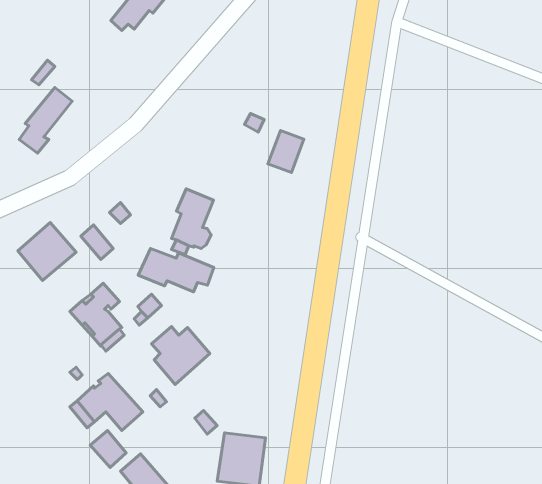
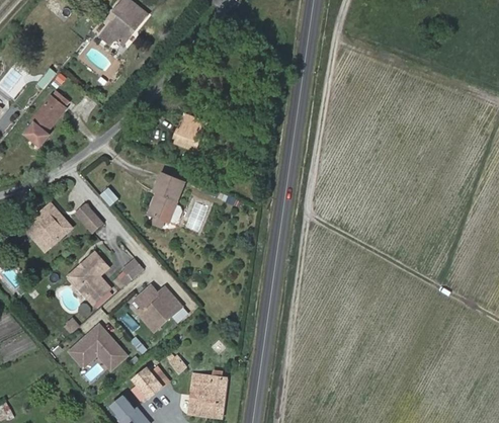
building: [268,130,304,173] -> [175,115,204,150]
building: [138,249,214,292] -> none
building: [90,430,126,468] -> [133,368,162,399]

